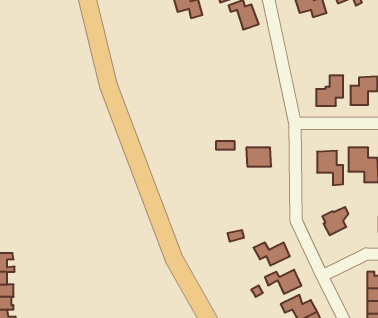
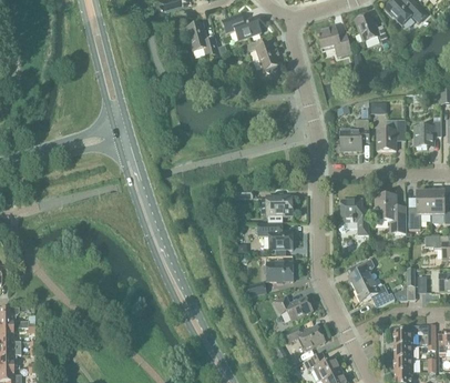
building: none -> [258,223,293,249]
building: none -> [266,262,293,281]
building: none -> [355,280,396,308]

